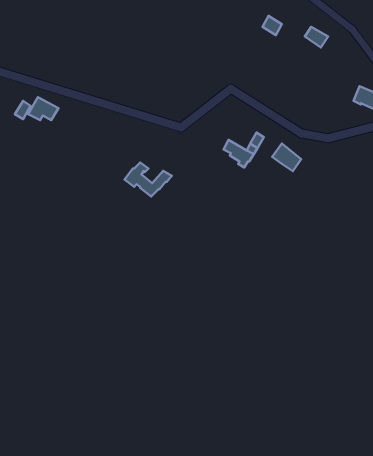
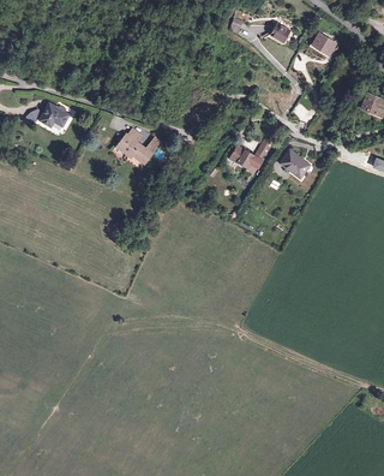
building: [124,162,172,196] -> [116,129,163,162]

